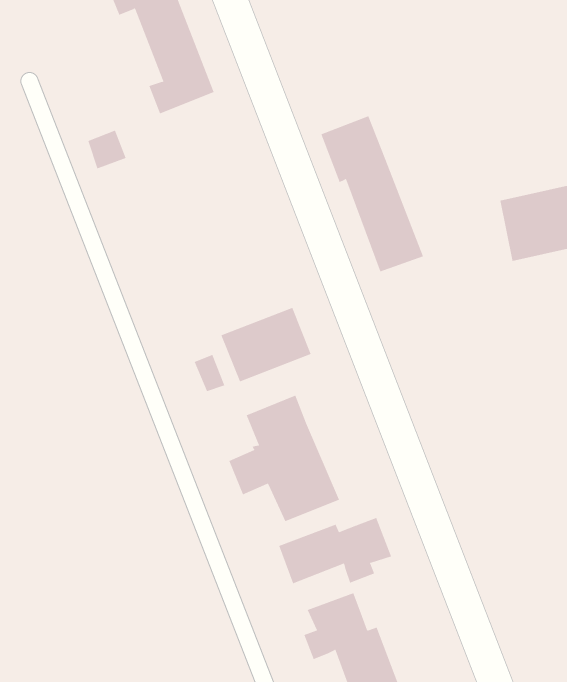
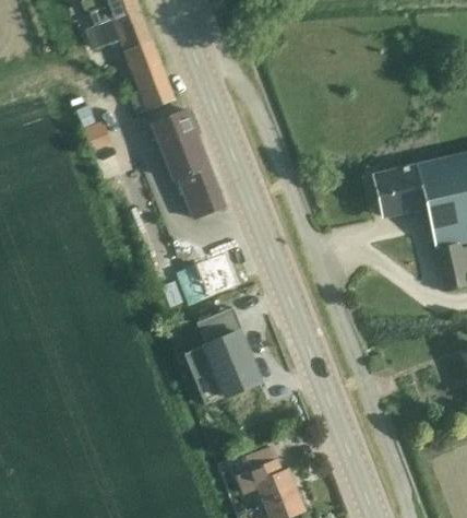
building: [320,115,424,272] -> [153,109,225,219]
building: [278,517,392,584] -> none

